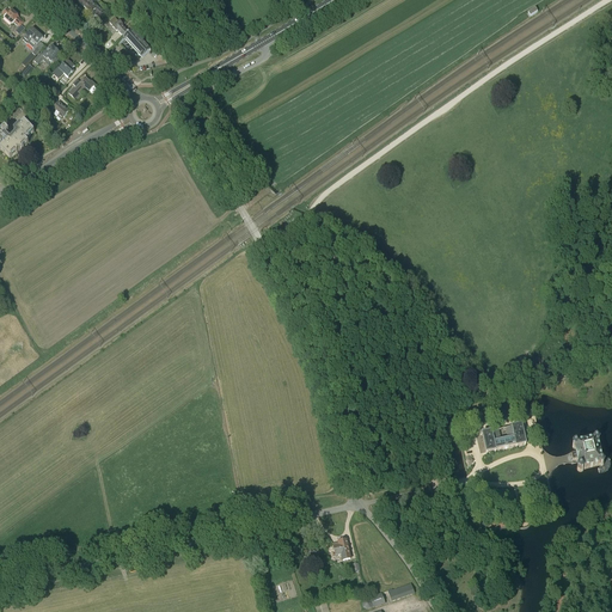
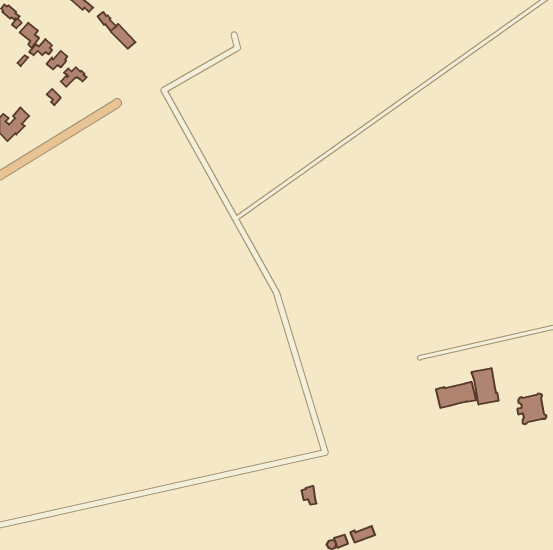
building: none -> [472,368,498,405]

